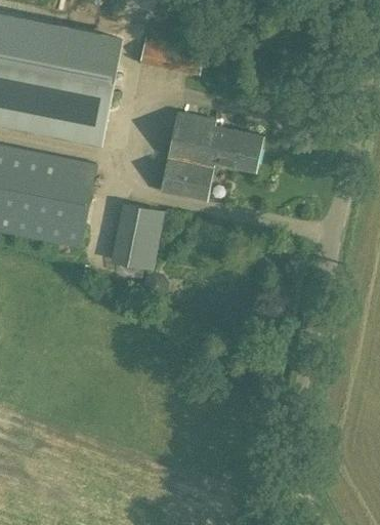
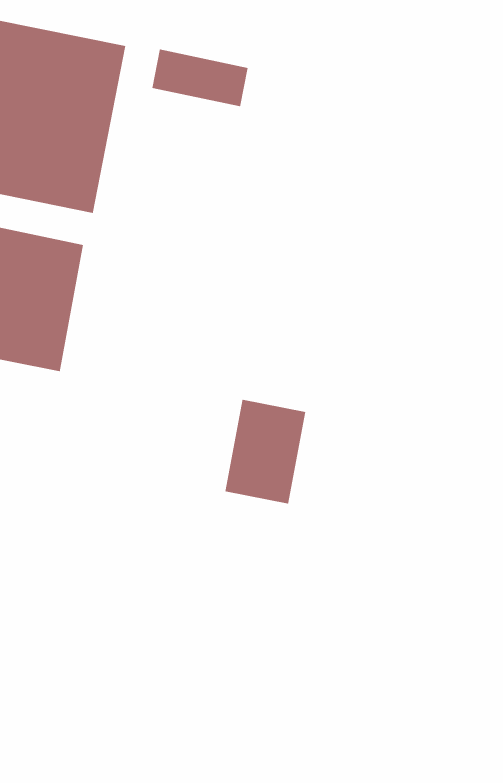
building: [160,112,262,201] -> none
building: [111,201,164,270] -> [225,399,306,504]

